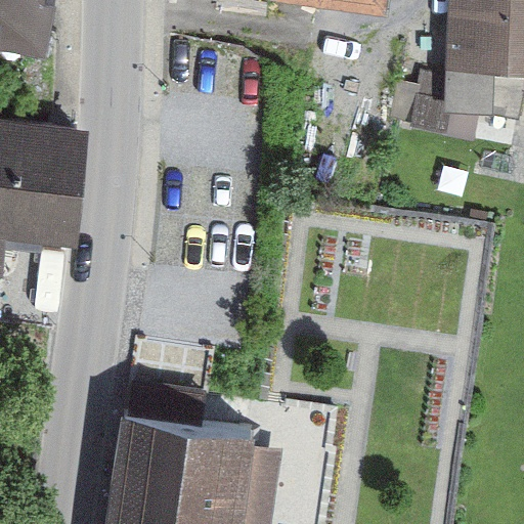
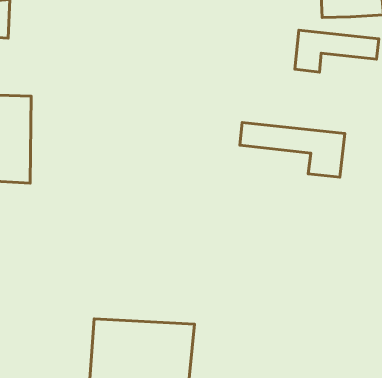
building: none -> [240,123,345,177]

